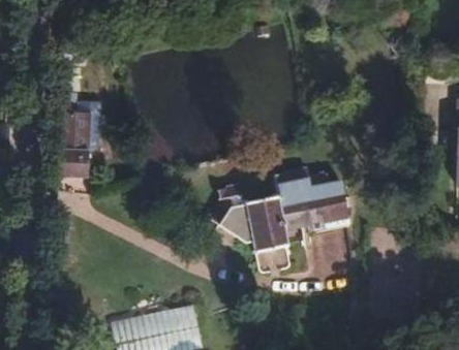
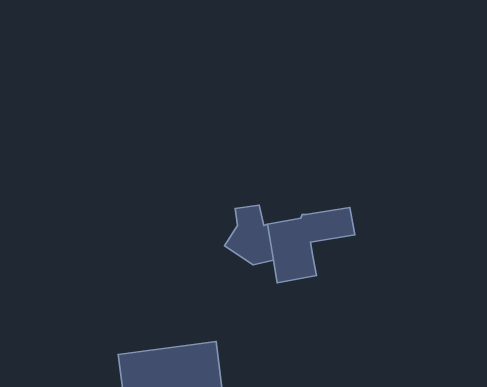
building: [61,117,92,178] -> none
building: [273,171,348,233] -> none

